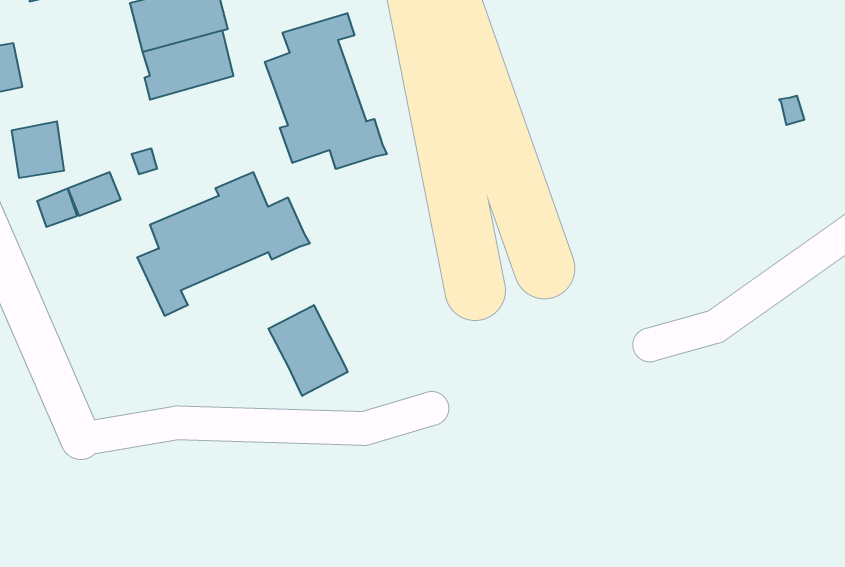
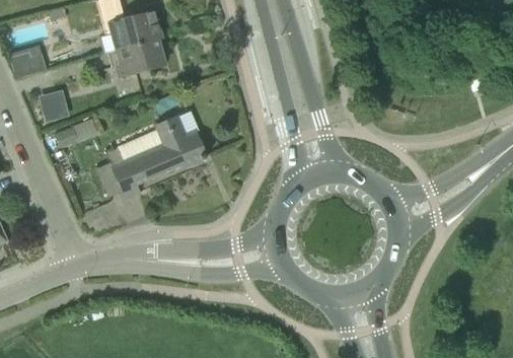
building: [265,13,387,169] -> none
building: [268,305,348,396] -> none

